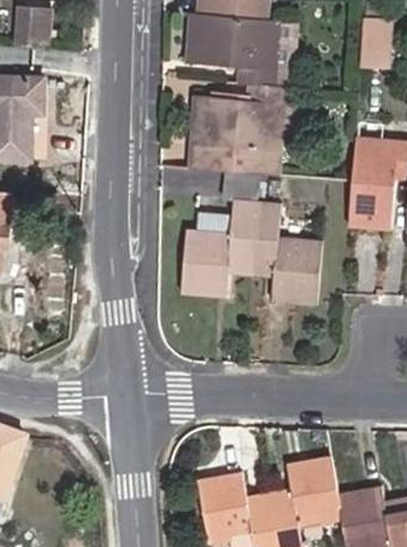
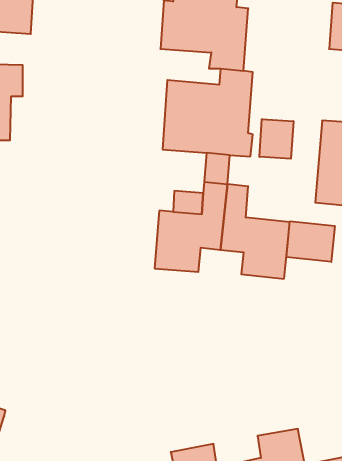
building: none -> [259,119,293,159]
building: none -> [286,221,335,262]

